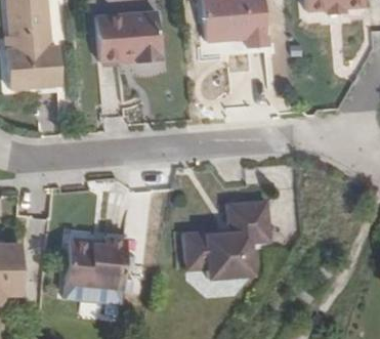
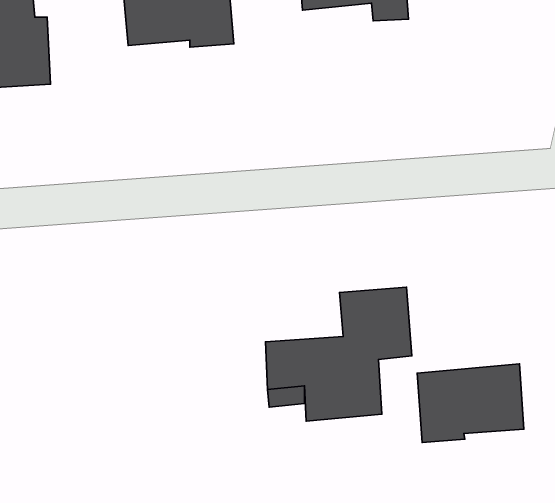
building: [62,237,124,303] -> none
building: none -> [417,364,524,443]

